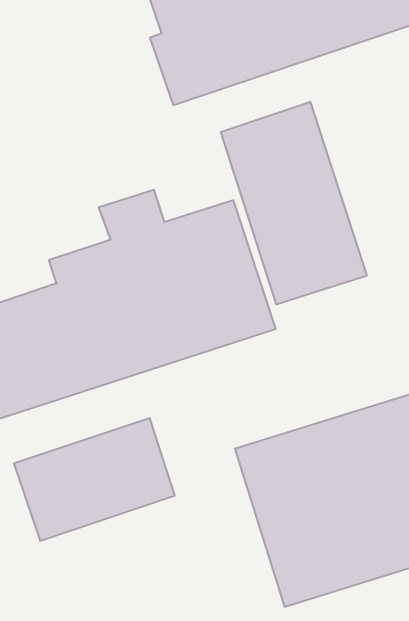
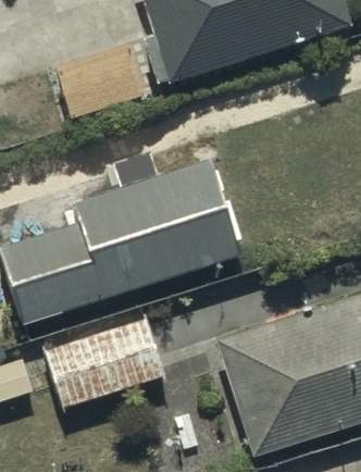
building: [221,102,367,304] -> none

